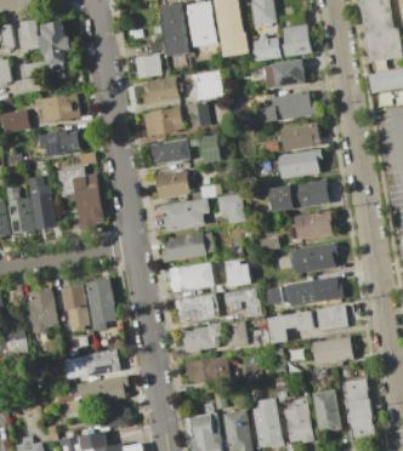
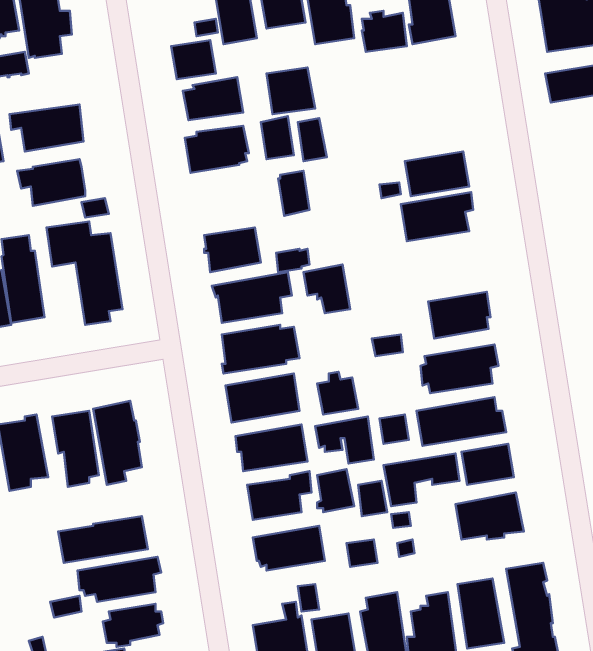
building: [265,58,306,87] -> none
building: [259,91,318,122] -> none
building: [151,138,189,164] -> none
building: [269,178,330,212] -> none

